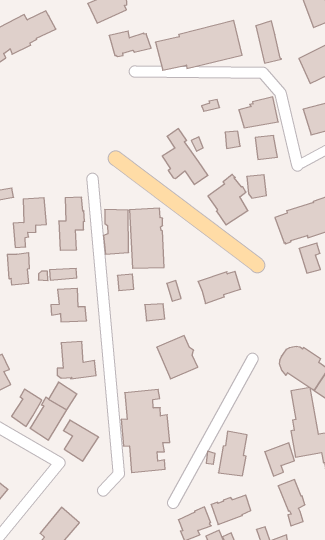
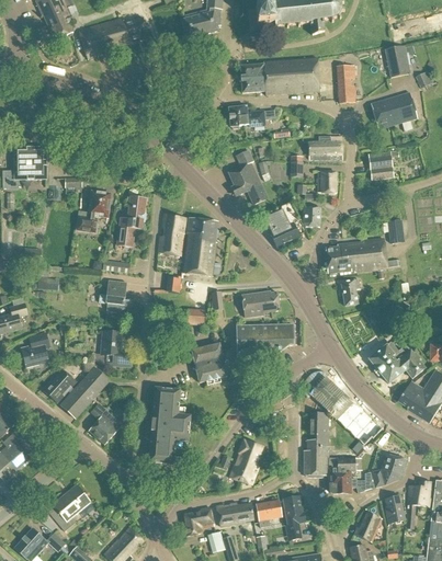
building: [109,31,151,56] -> [228,105,265,127]
building: [7,253,29,285] -> none
building: none -> [236,323,294,358]
building: [265,443,294,476] -> [256,499,282,527]

